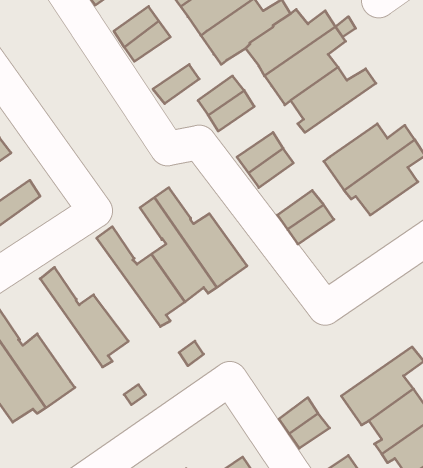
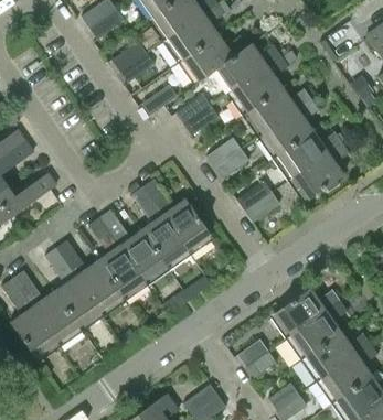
building: none -> [258,99,320,159]
building: none -> [88,217,148,300]
building: none -> [45,248,104,326]
building: none -> [275,288,340,337]

